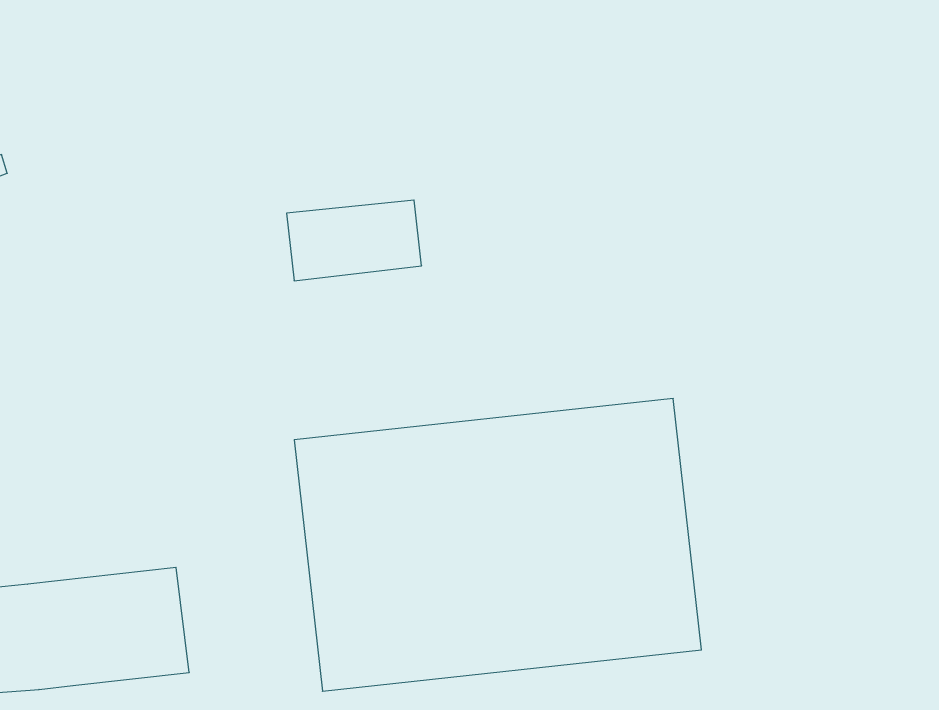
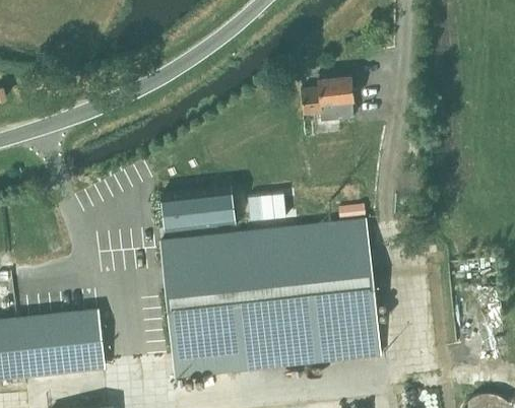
building: none -> [300,76,353,120]
building: [287,200,422,281] -> [162,187,235,230]

